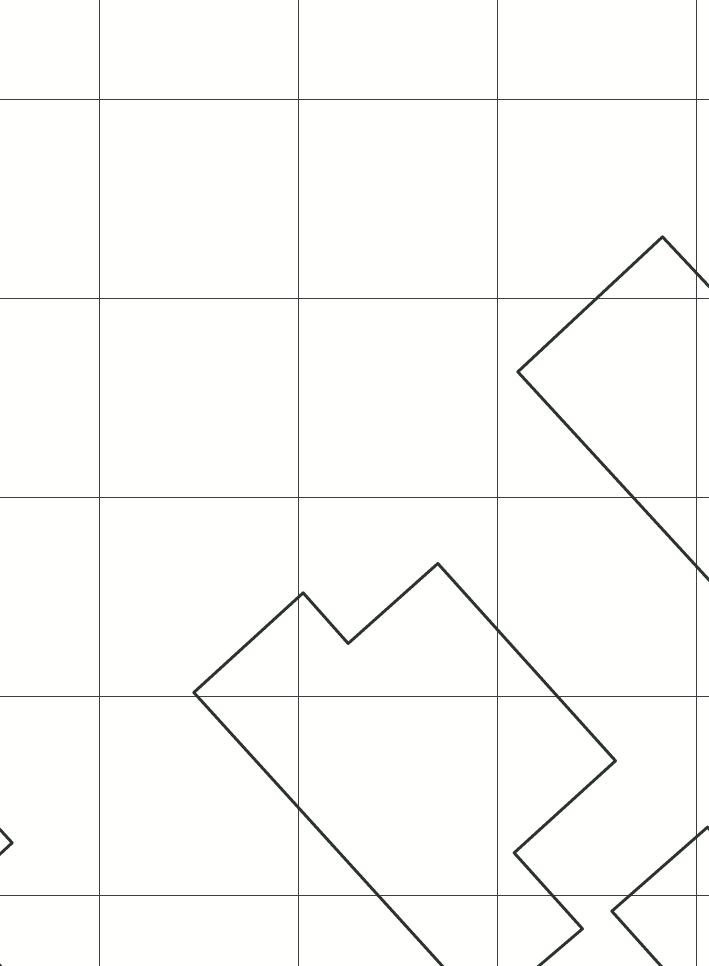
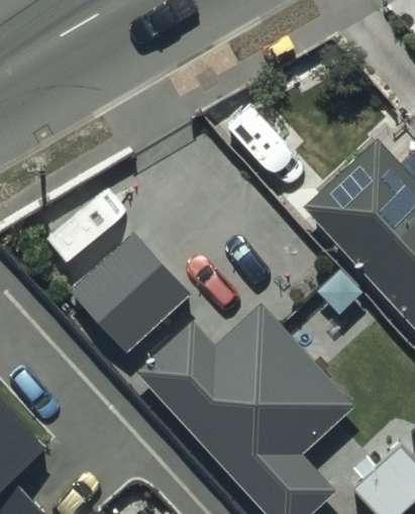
building: none -> [70,233,191,353]

